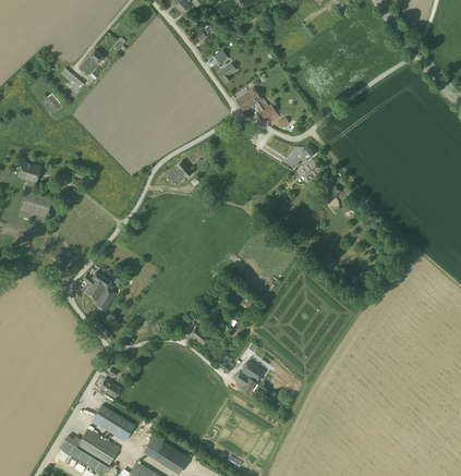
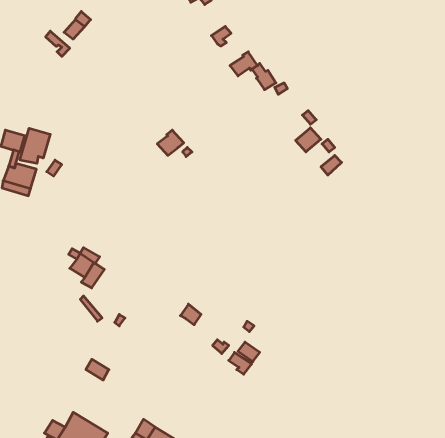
building: none -> [20,128,50,163]
building: [93,404,135,441] -> none

